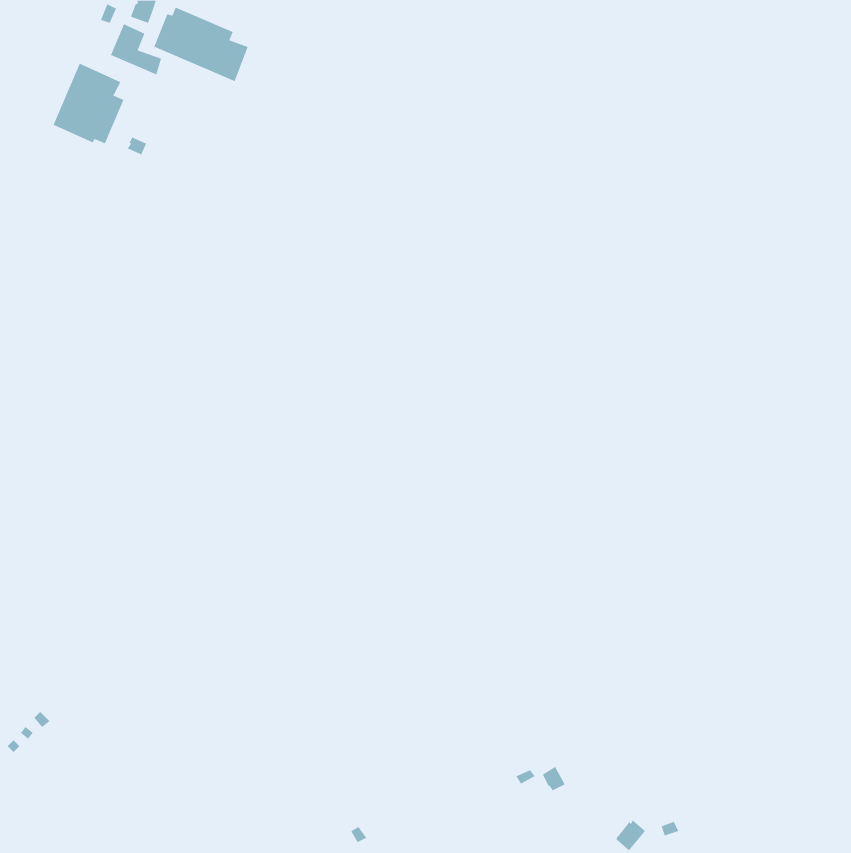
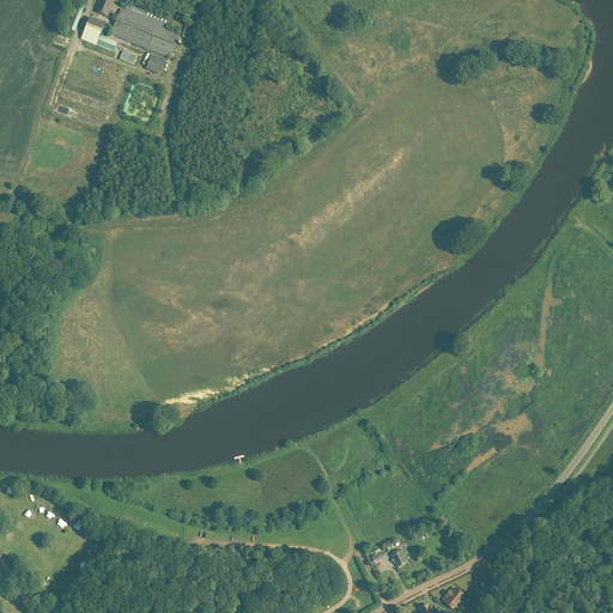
building: [53,63,124,144] -> none

